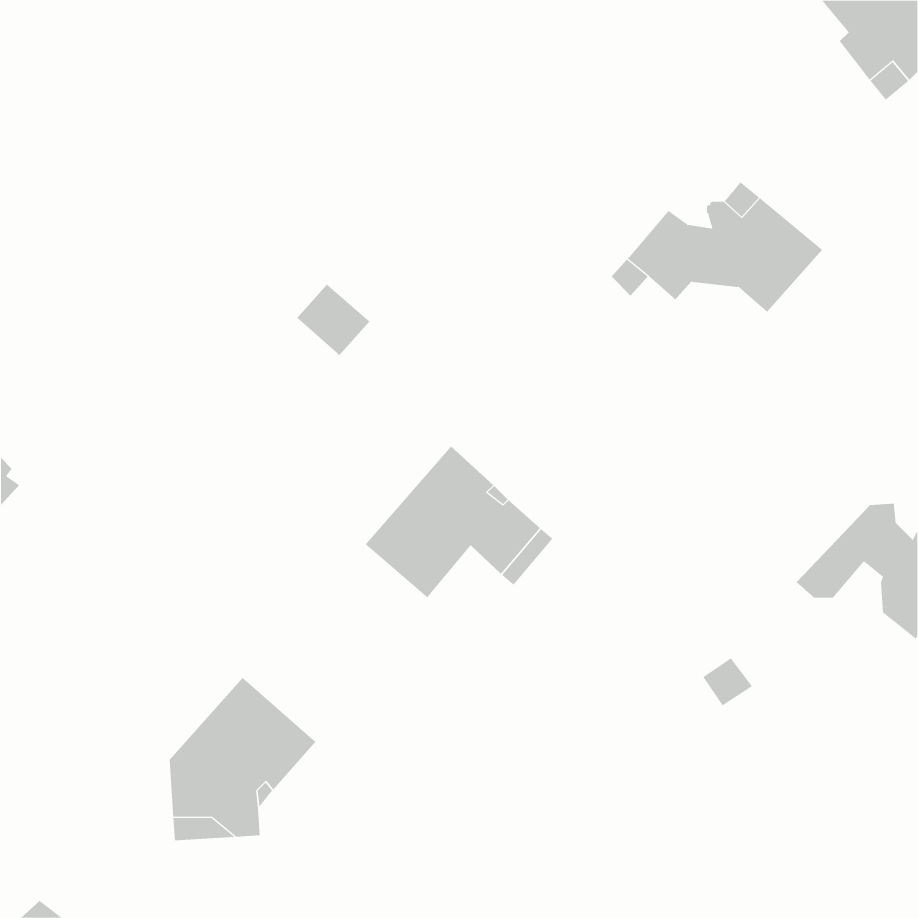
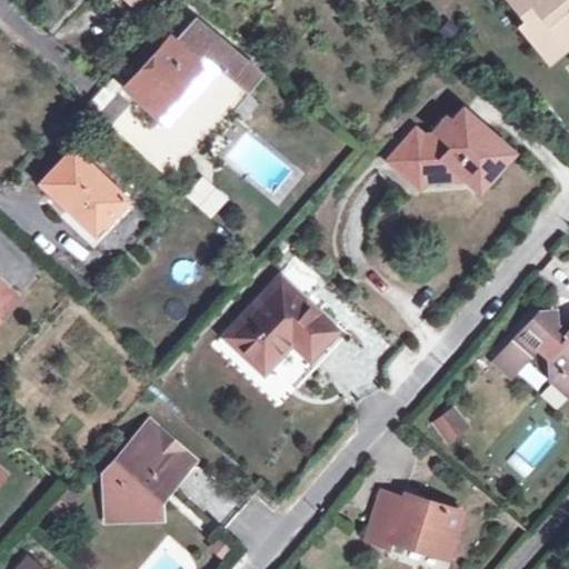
building: none -> [121,18,259,118]
building: none -> [39,148,132,233]
building: none -> [370,493,460,557]

